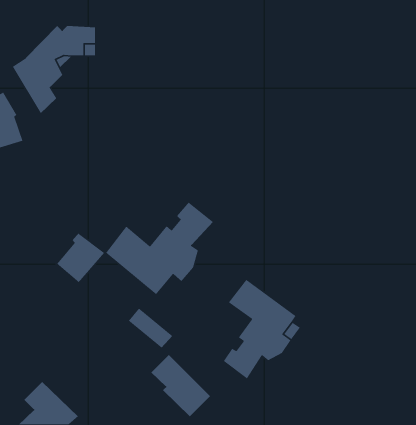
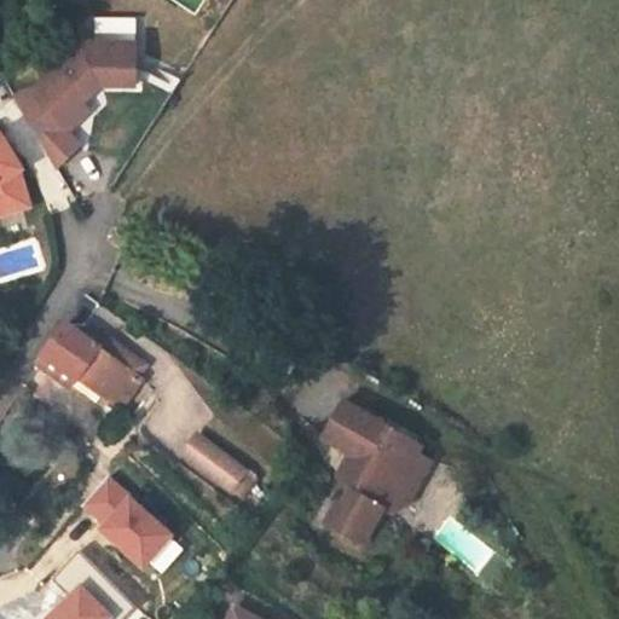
building: [105,202,214,295] -> none
building: none -> [41,320,106,389]
building: [150,354,211,417] -> [83,480,170,571]

